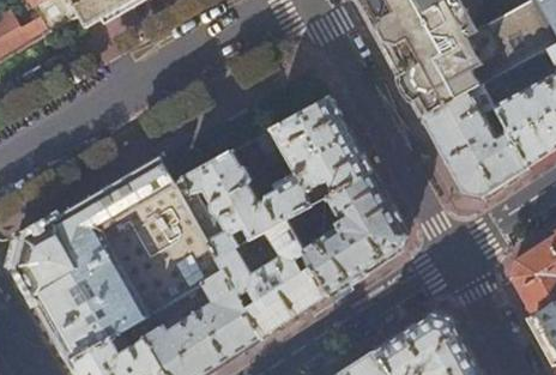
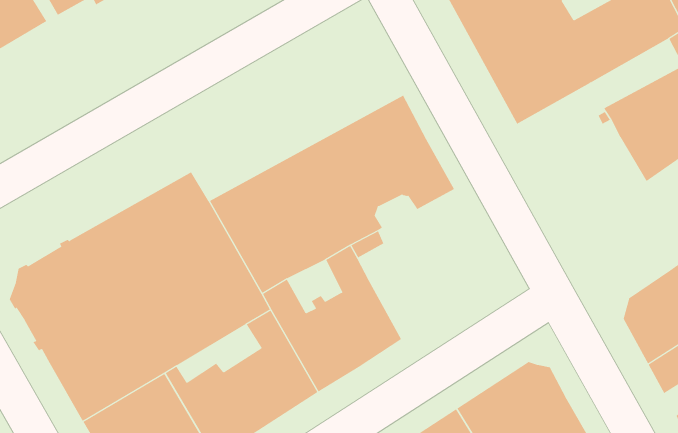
building: [424,86,530,198] -> none
building: [304,173,406,295] -> none

